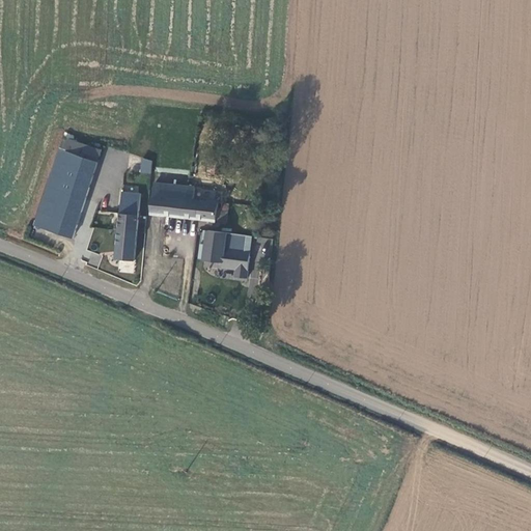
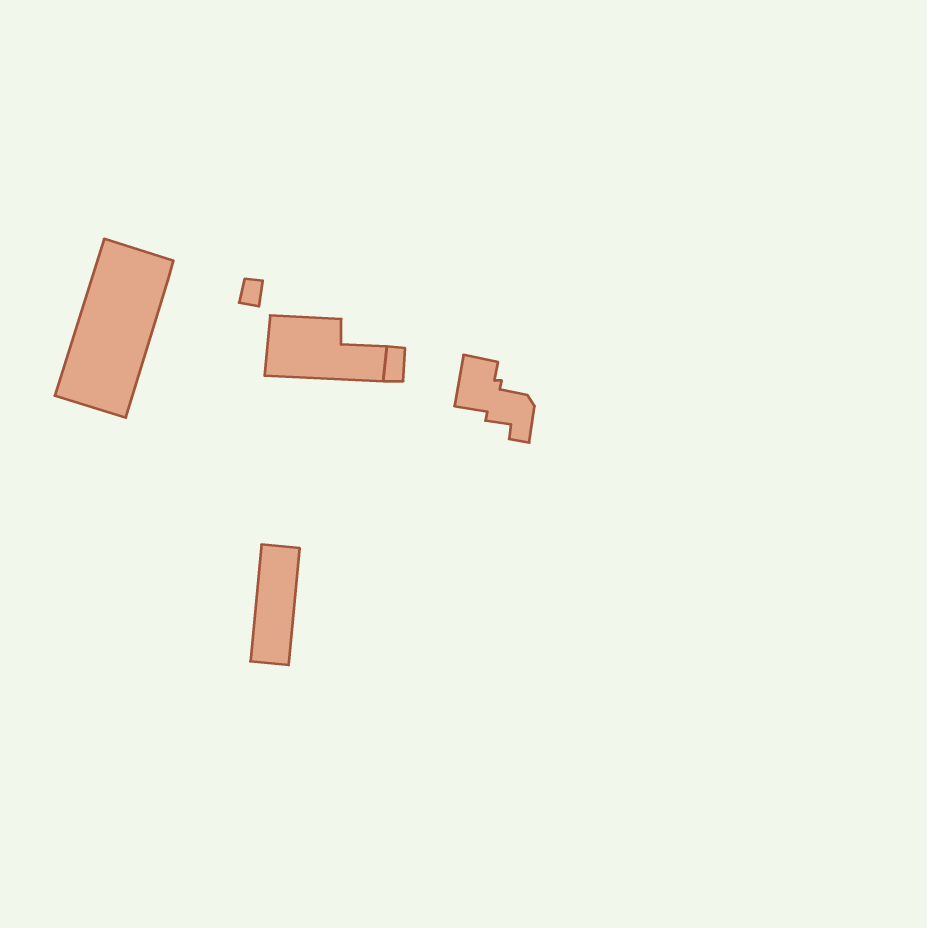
building: [114,191,142,259] -> [250,545,300,665]
building: [205,228,251,278] -> [454,355,535,443]

